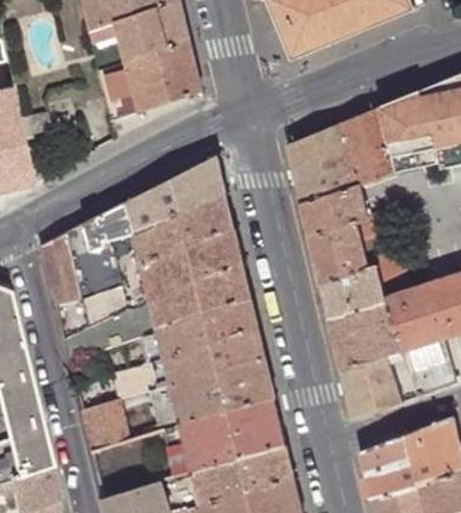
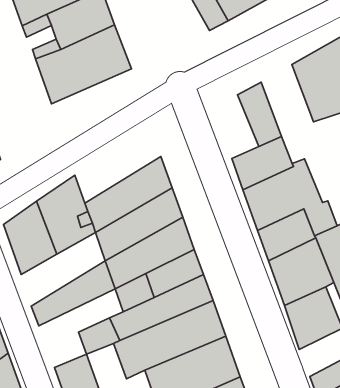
building: [344,107,397,185] -> none
building: [289,134,333,203] -> none
building: [128,155,225,234] -> none
building: [56,267,150,340] -> none

